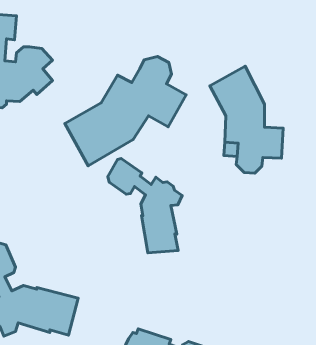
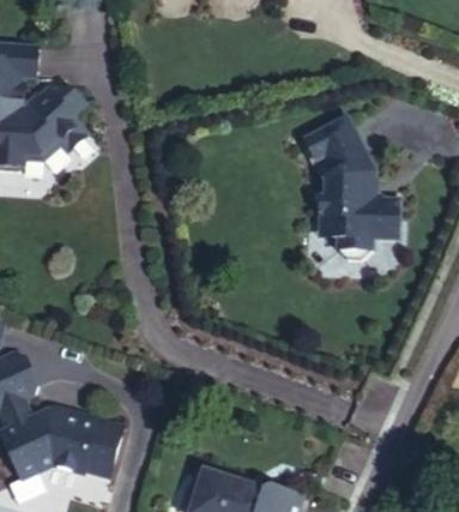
building: [65,57,186,166] -> none
building: [108,159,182,253] -> none

